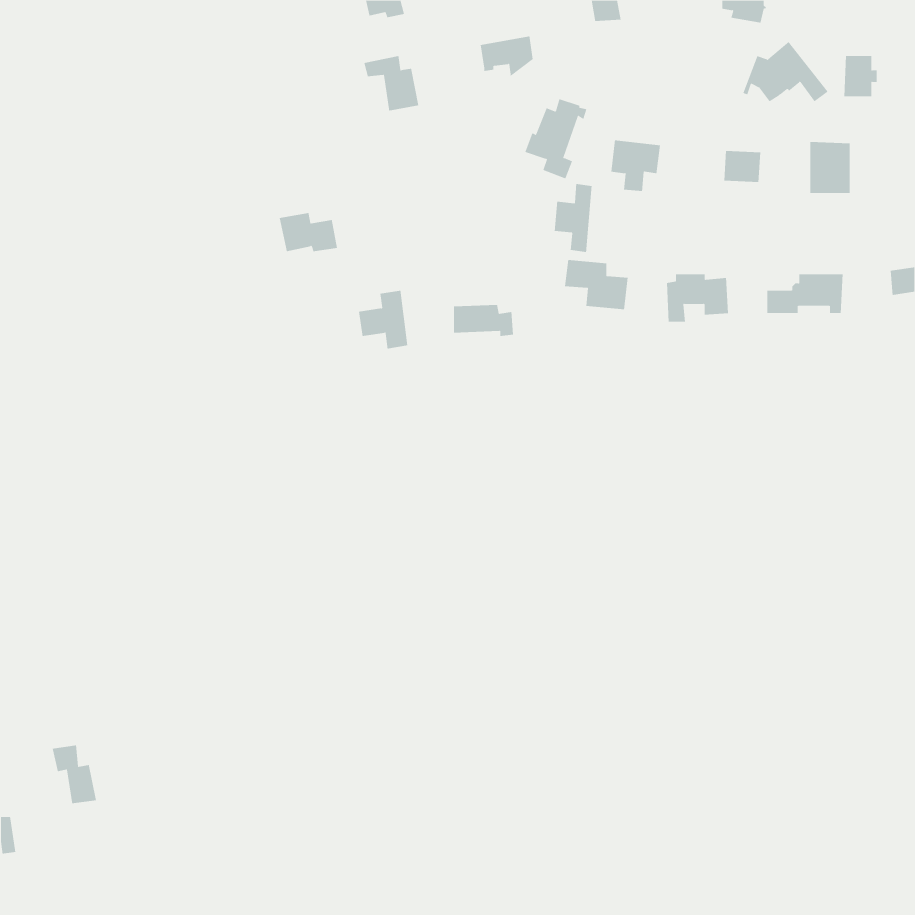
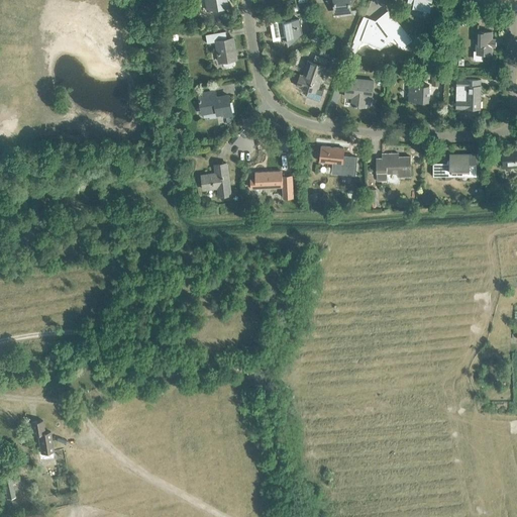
building: [742,41,828,102] -> [361,12,410,46]
building: [554,183,592,253] -> none
building: [279,212,338,252] -> [198,92,231,114]

